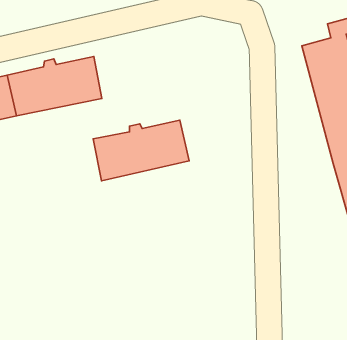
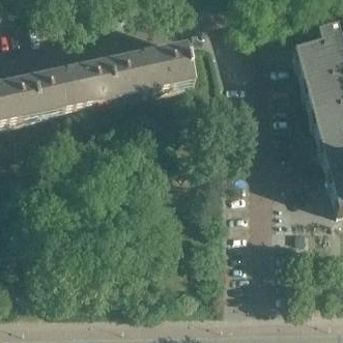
building: [93,120,189,181] -> [112,39,197,93]

